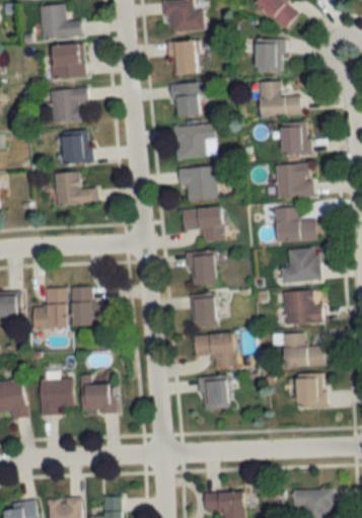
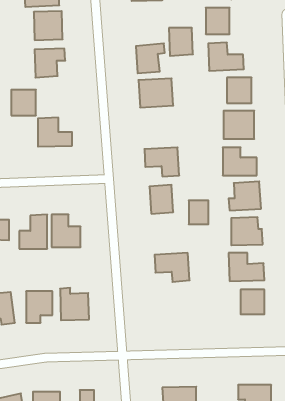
building: [168,43,197,76] -> [169,28,193,56]
building: [62,133,91,163] -> [11,90,36,115]
building: [177,166,218,201] -> none
building: [192,297,215,325] -> [189,200,208,224]
building: [201,376,227,409] -> none

